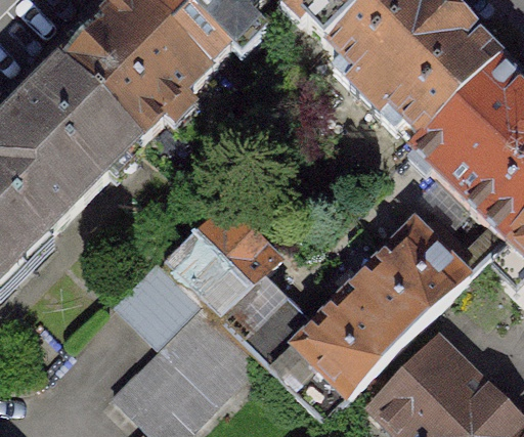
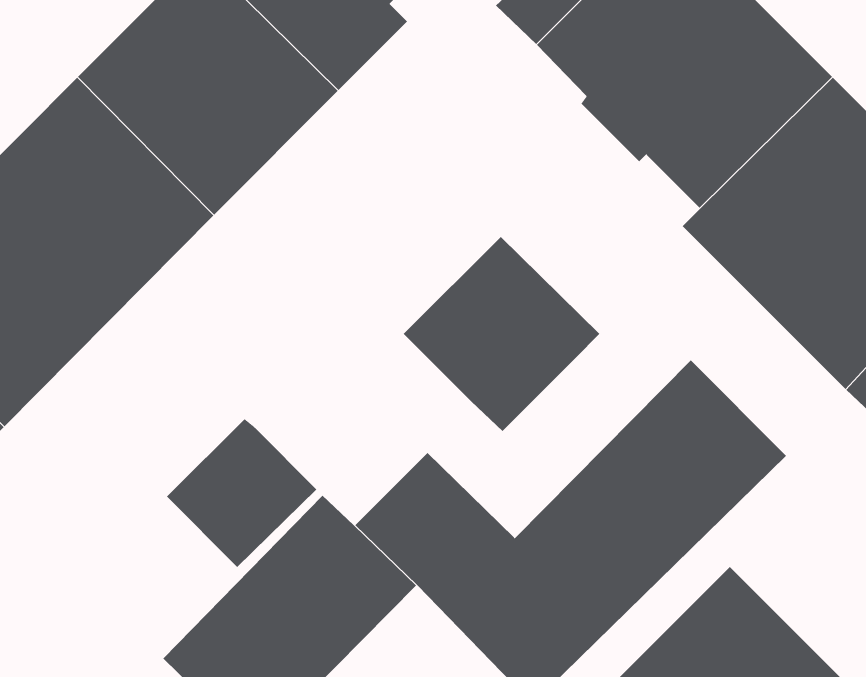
building: [166,202,279,314] -> [403,236,600,432]

